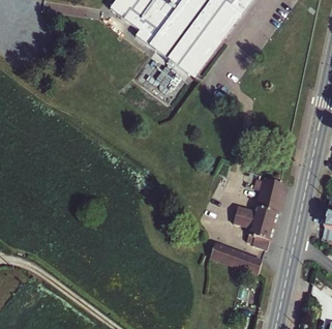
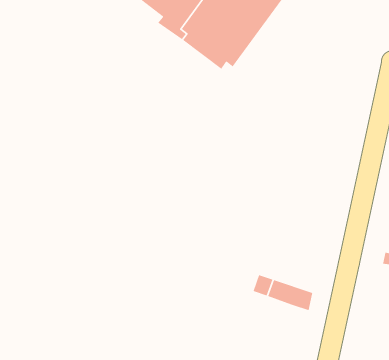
building: [235,179,282,251] -> none

